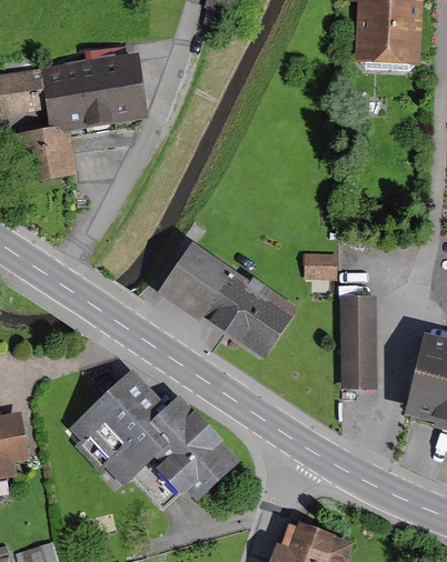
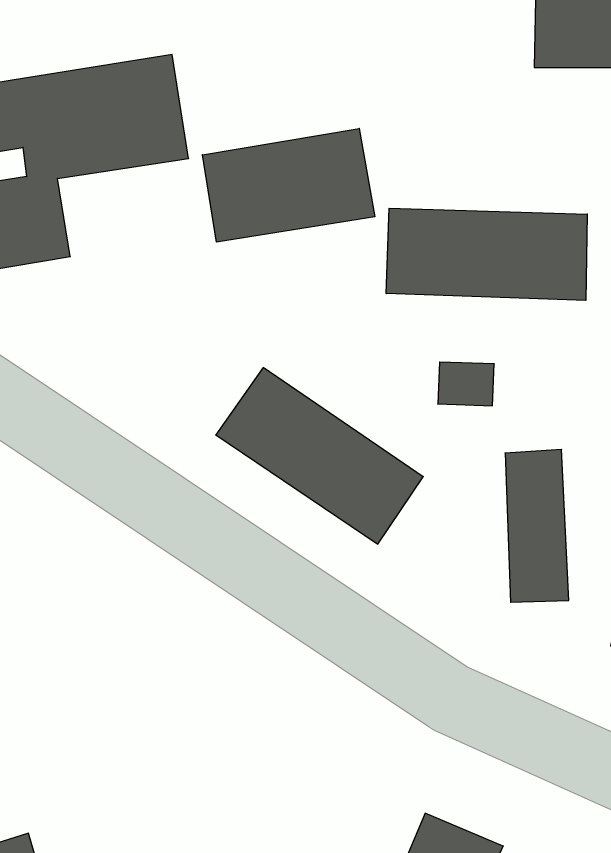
building: none -> [202,128,375,242]
building: none -> [386,208,587,300]
building: [77,375,232,502] -> none

